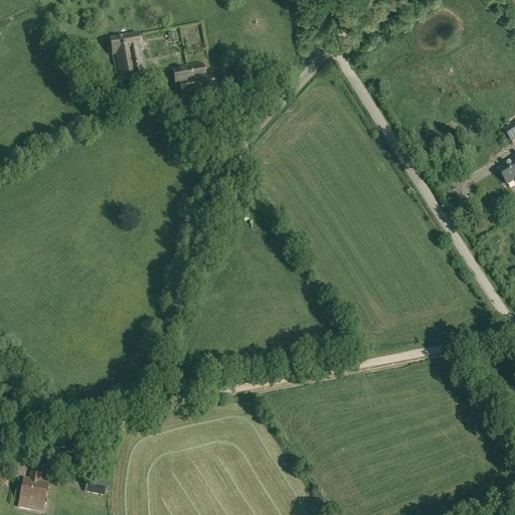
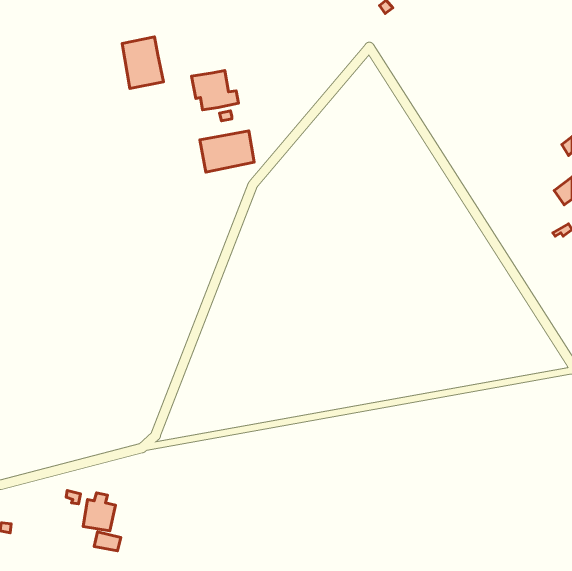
building: none -> [200,131,254,172]
building: [19,472,48,506] -> [83,493,115,531]

